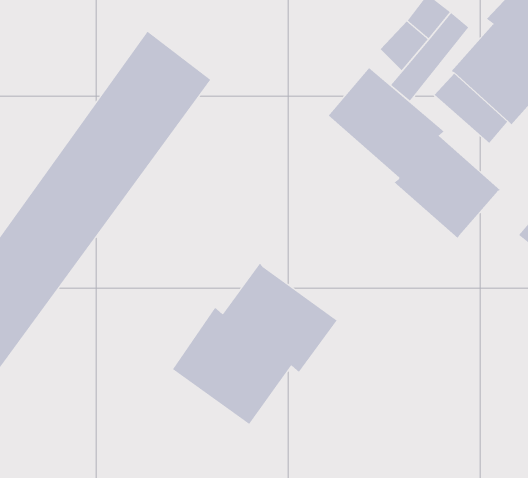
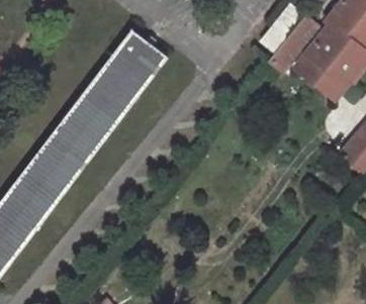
building: [328,67,501,239] -> none
building: [172,263,337,425] -> none

